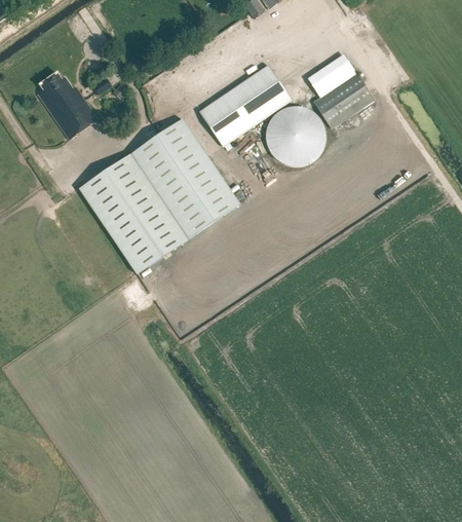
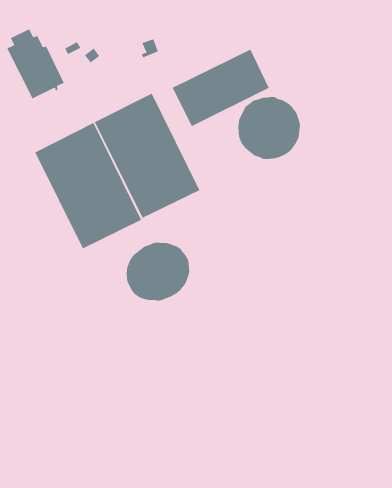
building: [312,57,376,126] -> none
building: none -> [126,242,190,301]

